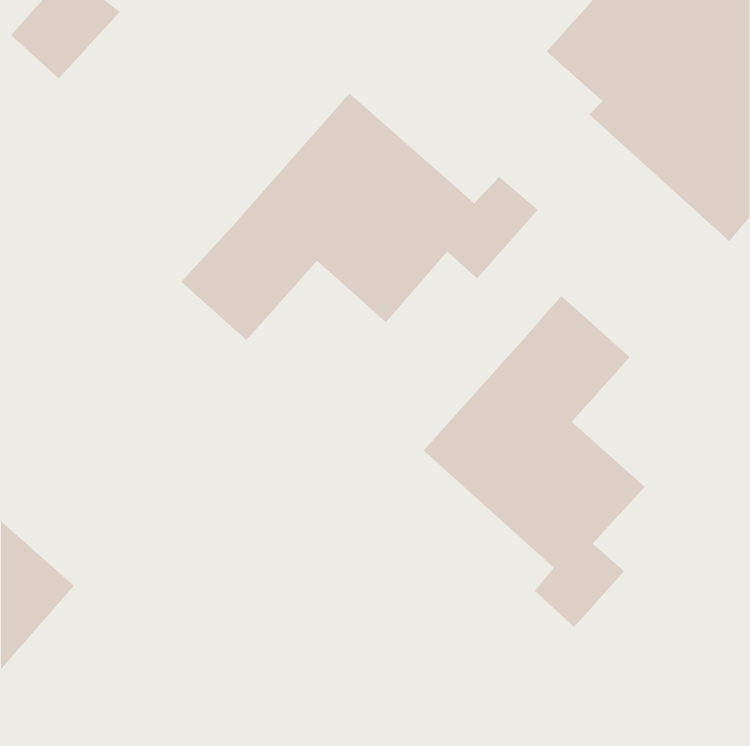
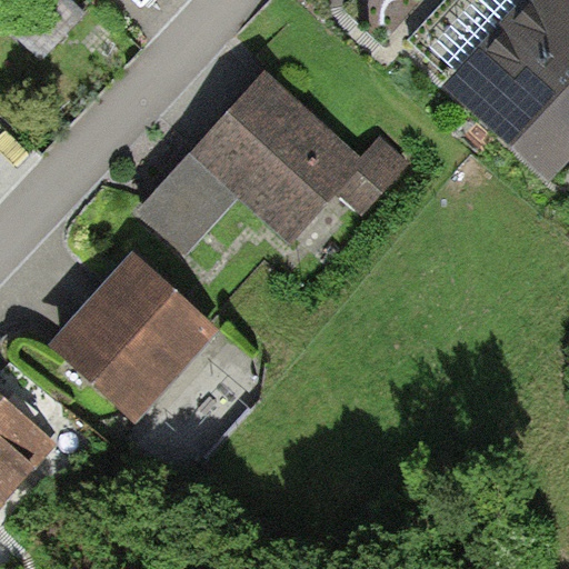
building: [423,295,645,628] -> none
building: none -> [46,250,219,423]

